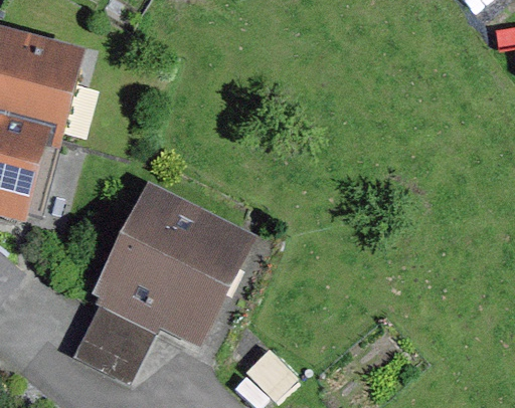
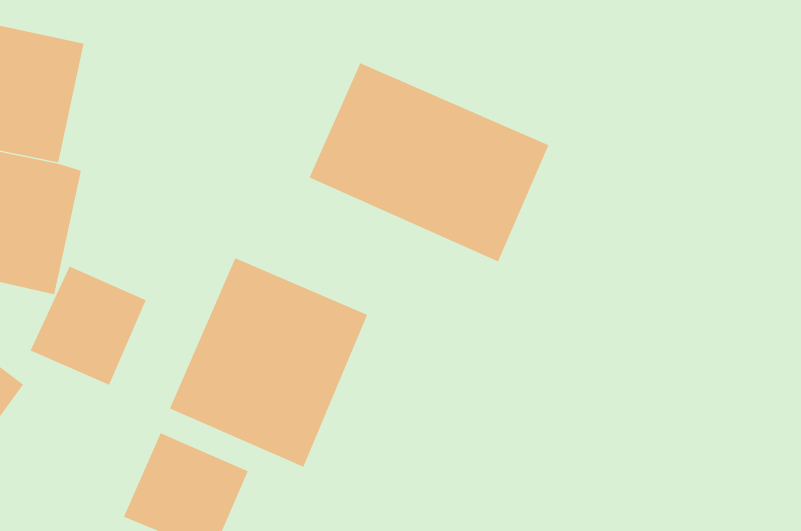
building: none -> [309,62,549,262]
building: none -> [30,265,147,386]

